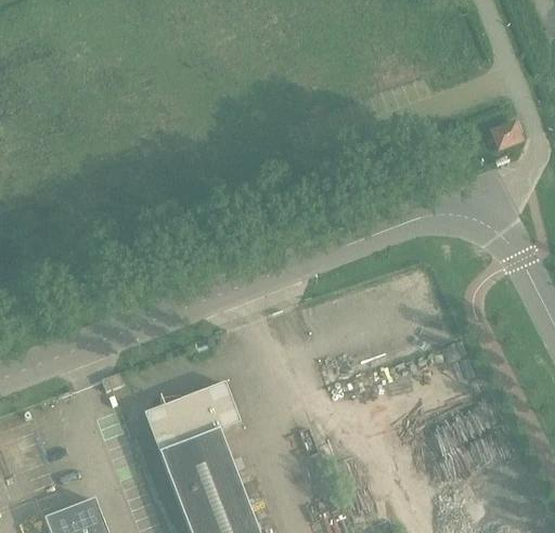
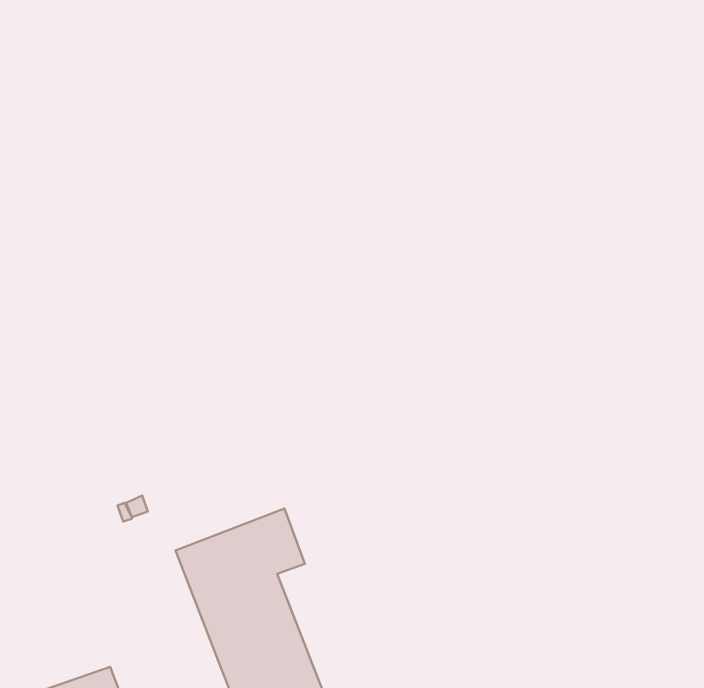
building: [489,119,525,152] -> none

